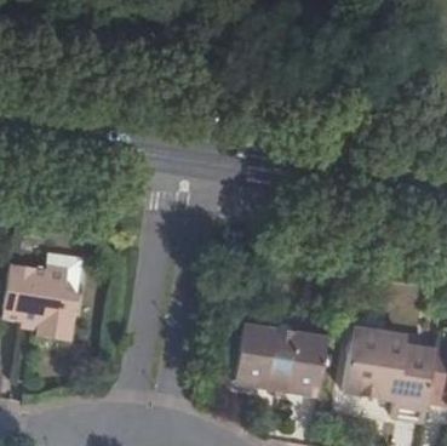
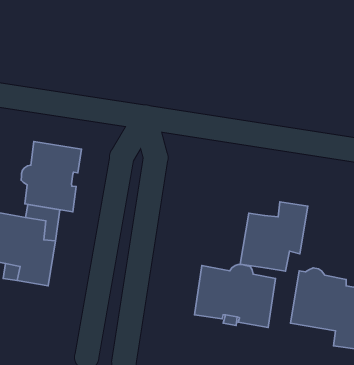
building: none -> [21,141,82,212]
building: none -> [240,202,308,271]

